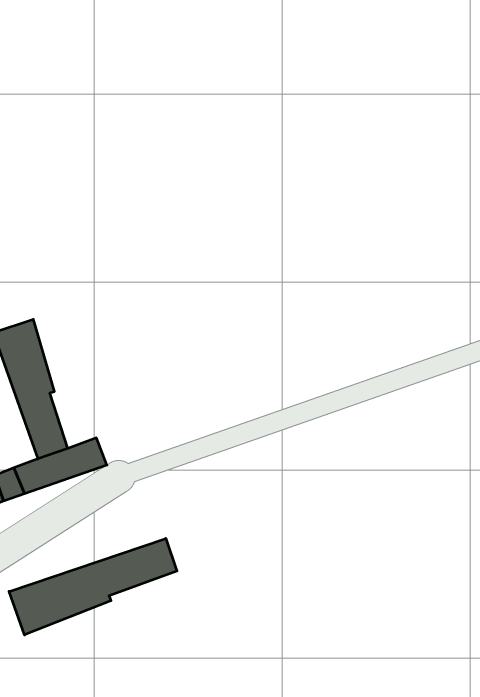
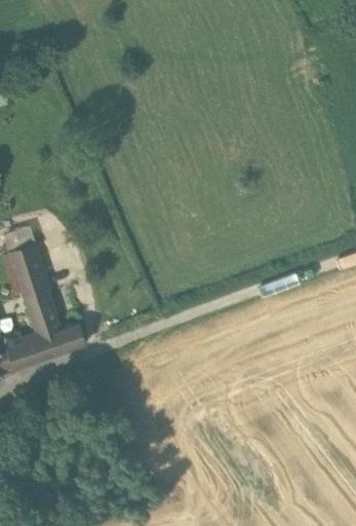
building: [9,538,177,635] -> none

